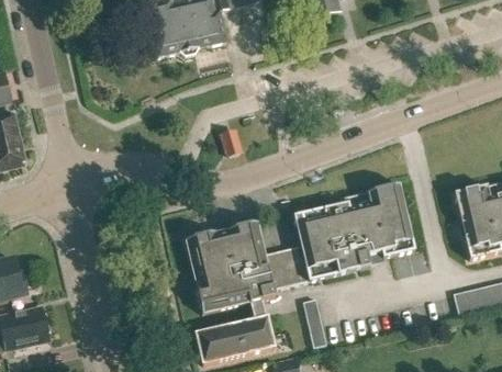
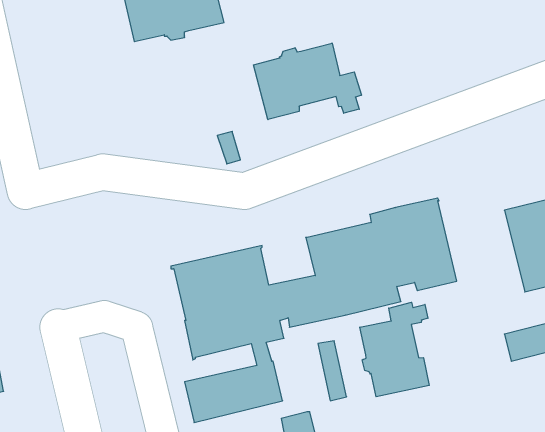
building: none -> [254,43,361,120]
building: none -> [360,302,429,397]

